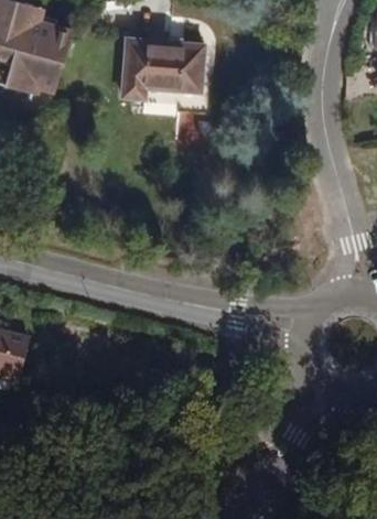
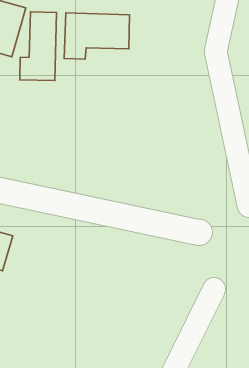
building: none -> [20,12,57,80]

